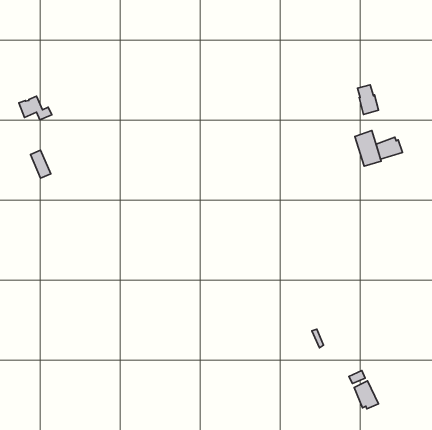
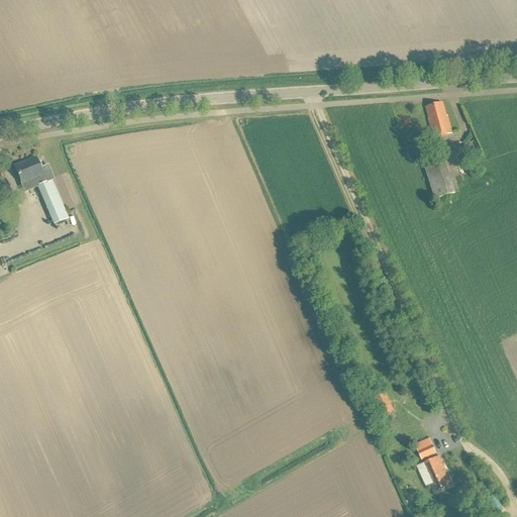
building: [19,96,52,120] -> [13,154,53,183]
building: [376,137,403,159] -> none

